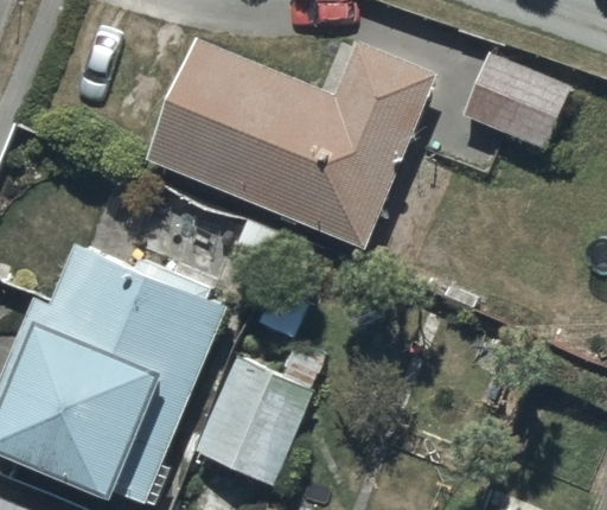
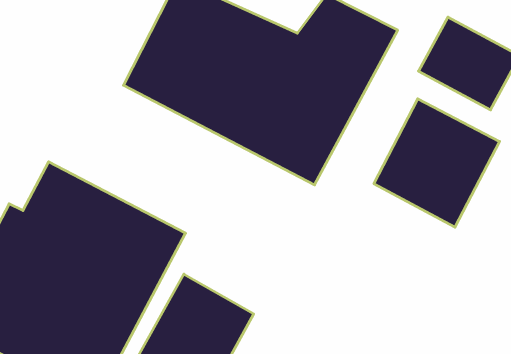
building: none -> [374,99,500,227]

